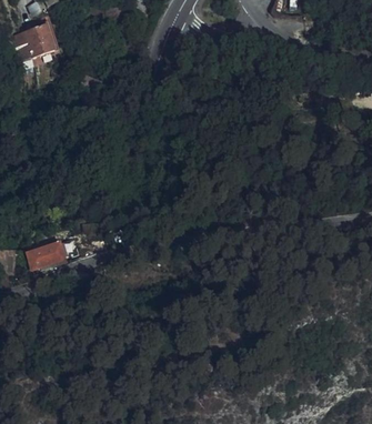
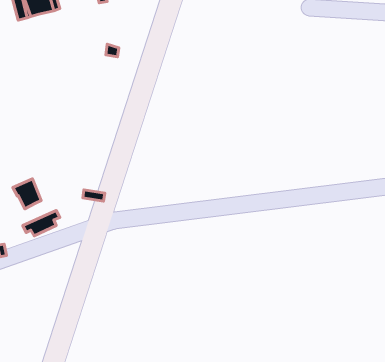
building: none -> [13,179,41,209]

